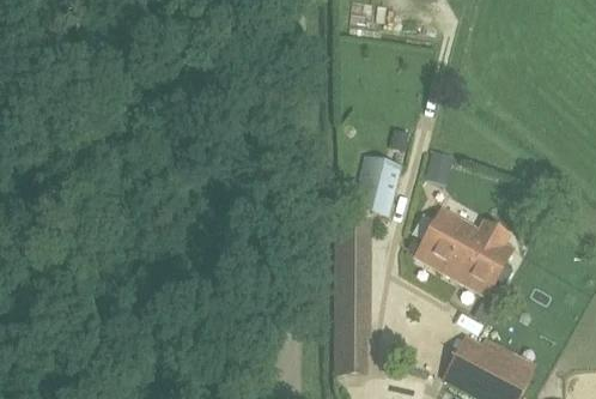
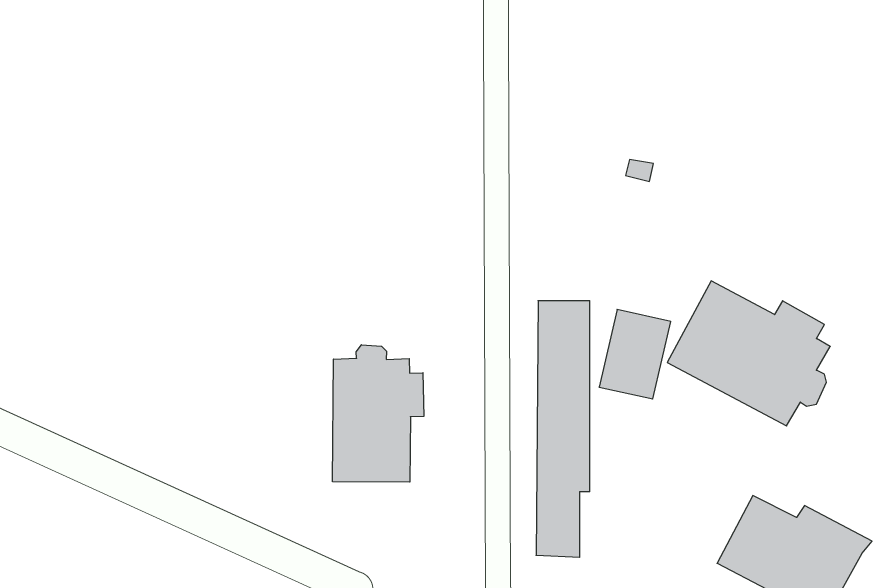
building: [355,158,399,212] -> [599,309,671,399]
building: none -> [333,345,424,482]

